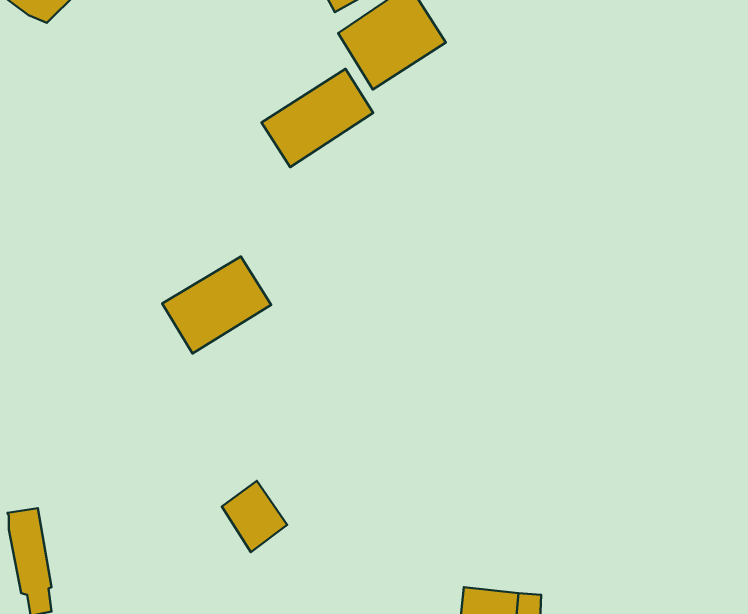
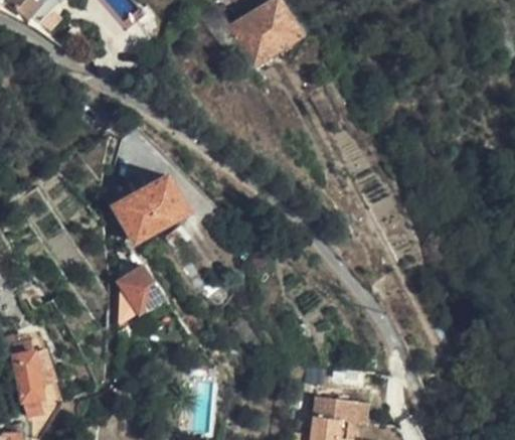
building: [262,69,373,167] -> none
building: [222,481,287,552] -> [121,265,164,312]

